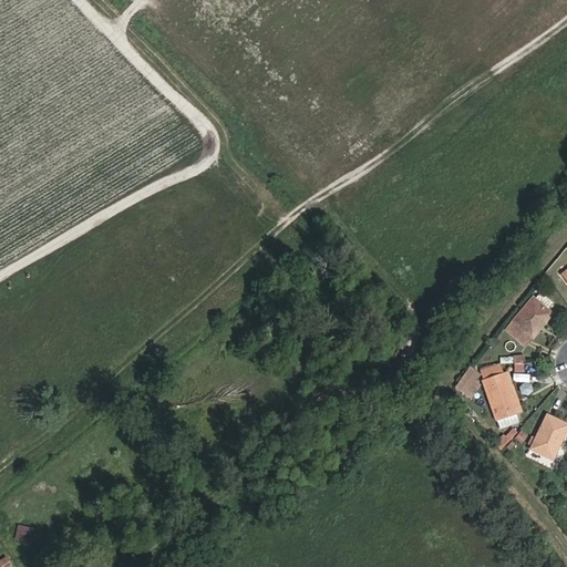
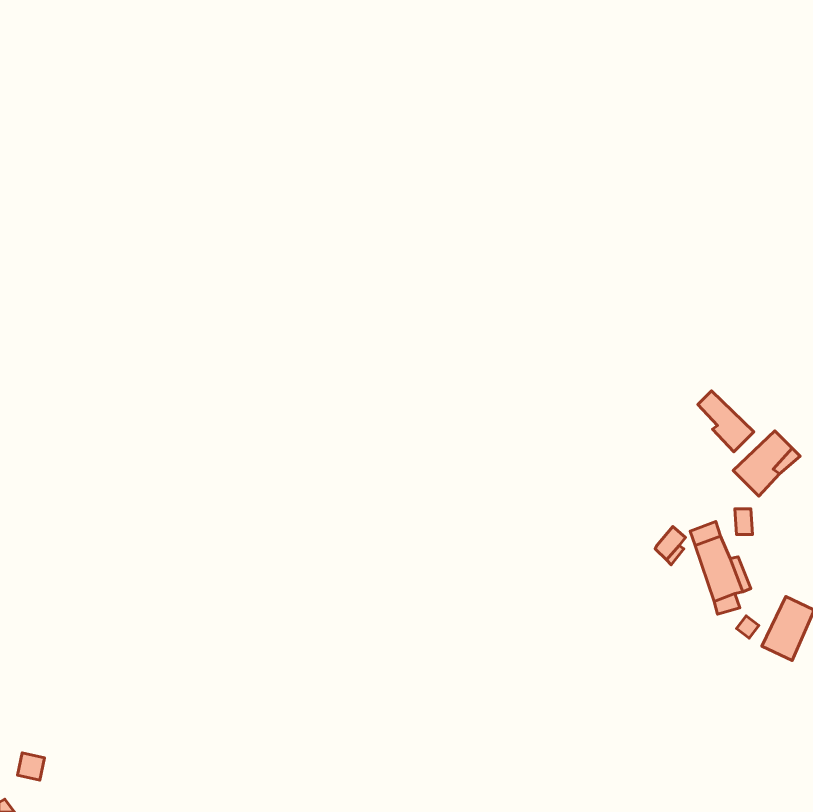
building: none -> [698,391,754,452]

